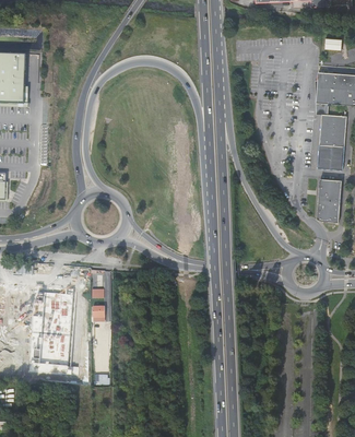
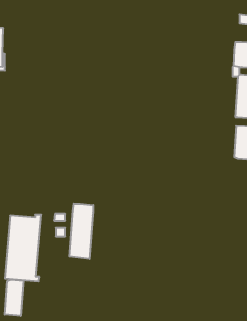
building: none -> [69,204,93,259]
building: none -> [5,280,24,316]

